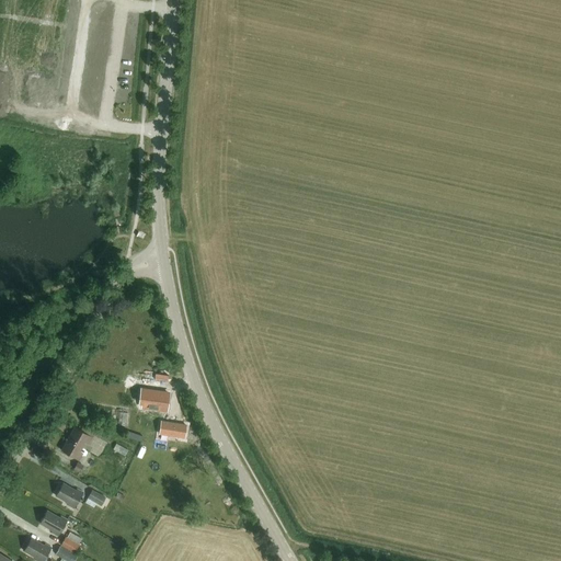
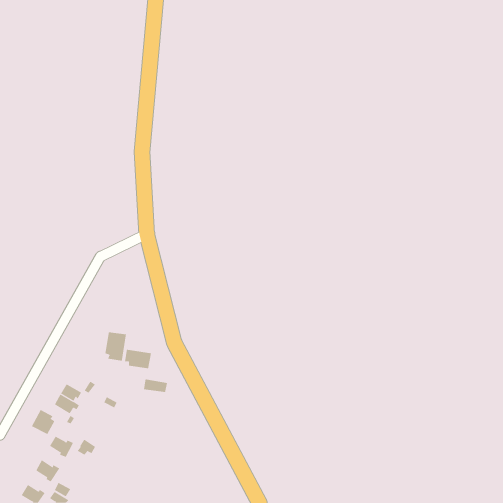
building: none -> [105,332,127,362]
building: none -> [31,409,55,435]

